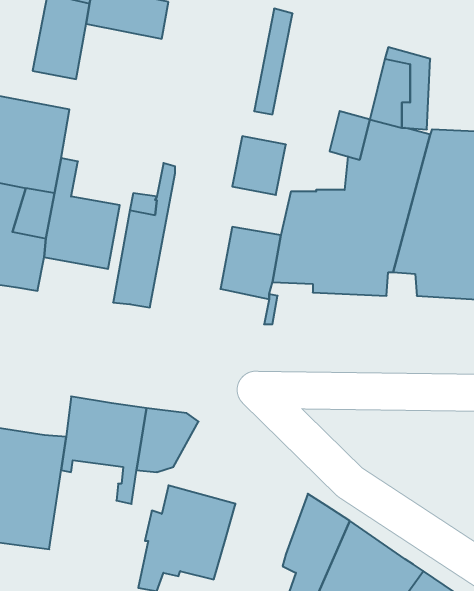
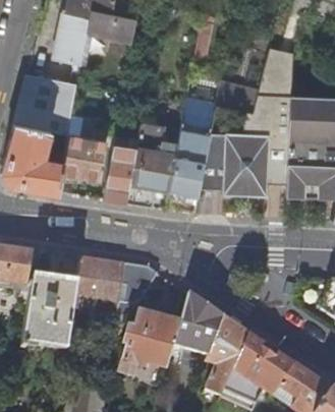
building: none -> [126,121,178,207]
building: none -> [172,292,222,352]

